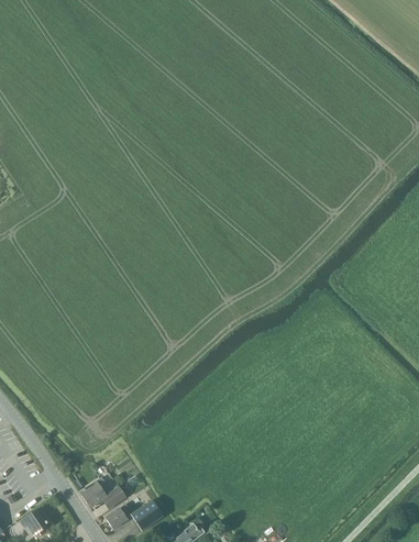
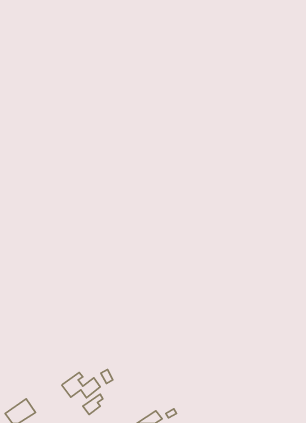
building: [131,500,164,532] -> none

